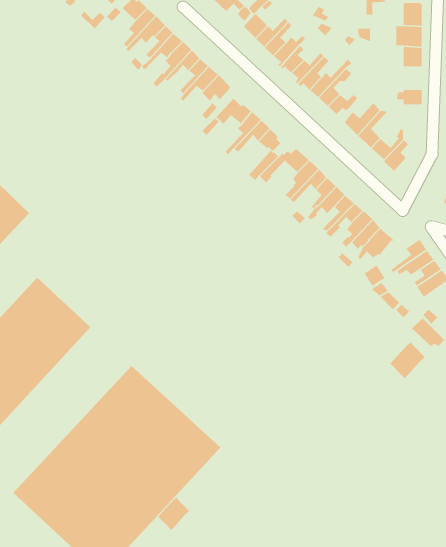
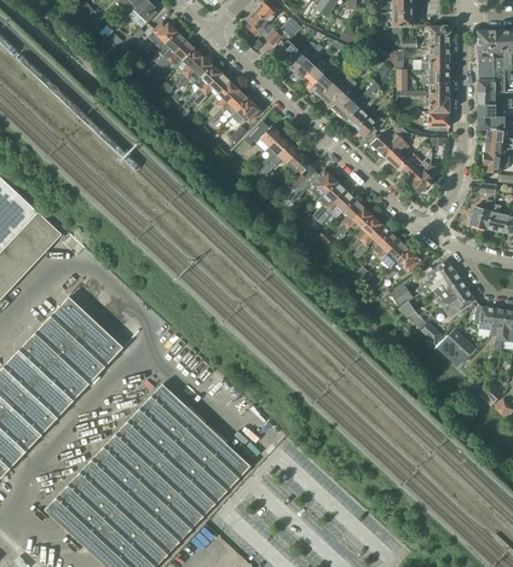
building: none -> [399,89,449,111]
building: [390,342,426,379] -> none
building: [158,497,190,531] -> none

